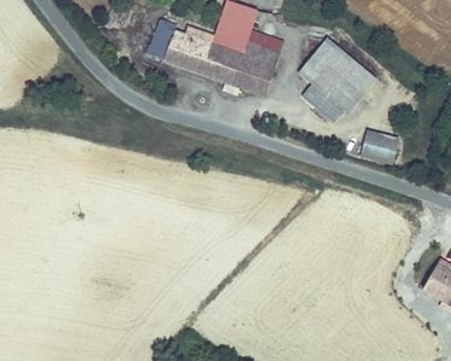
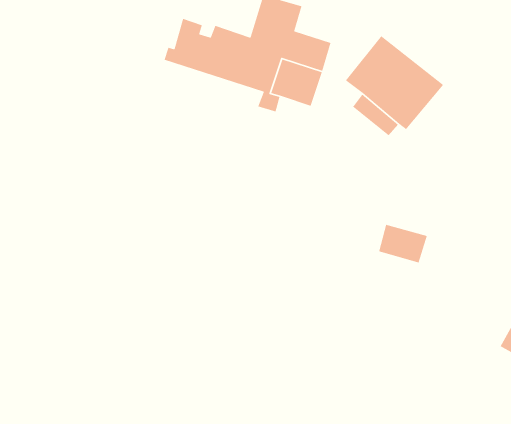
building: [358,129,399,162] -> [378,224,428,263]

